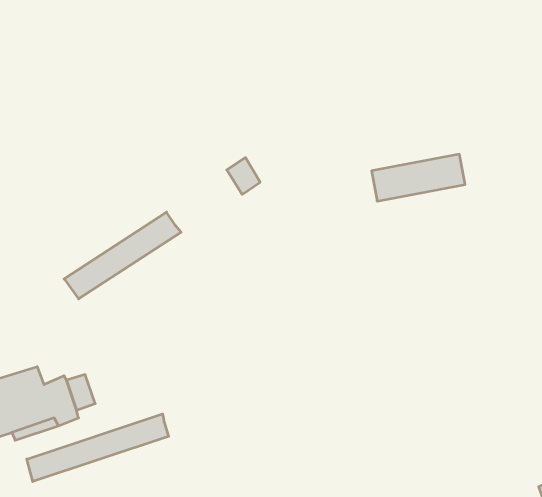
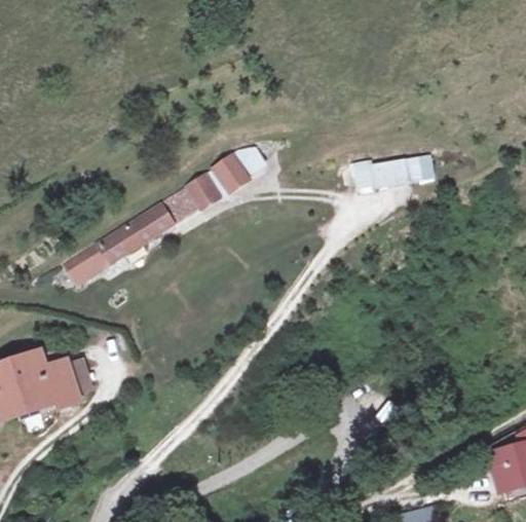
building: none -> [155,172,218,218]
building: [27,414,169,482] -> none

